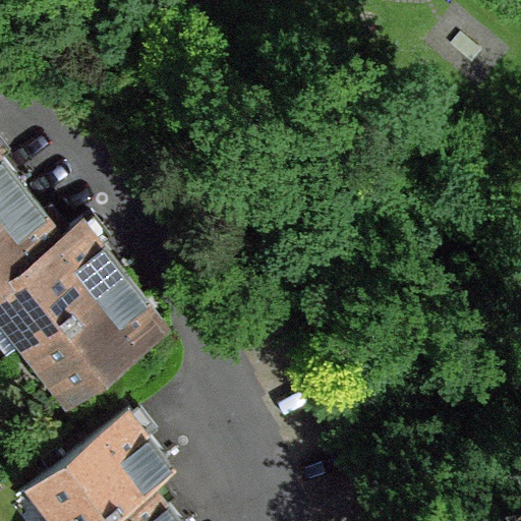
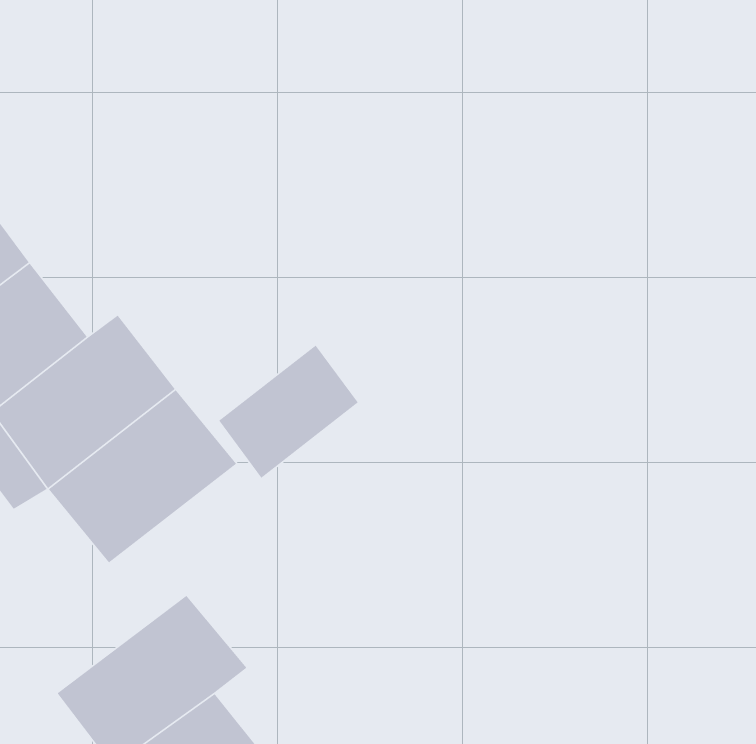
building: none -> [218,344,359,479]

